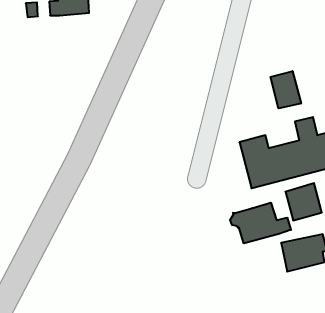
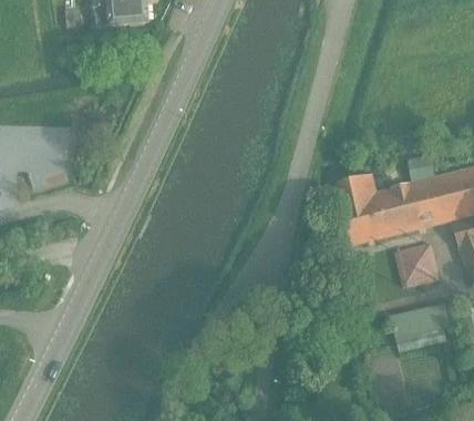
building: [270,71,301,108] -> none
building: [230,203,291,243] -> none

